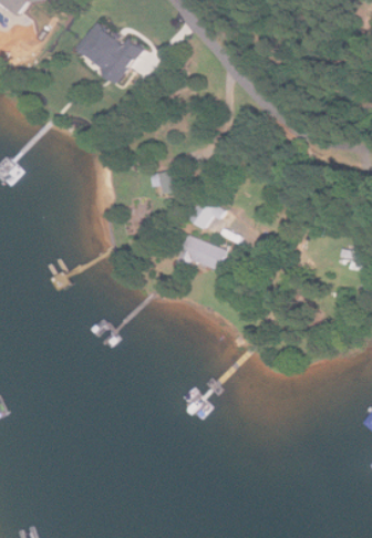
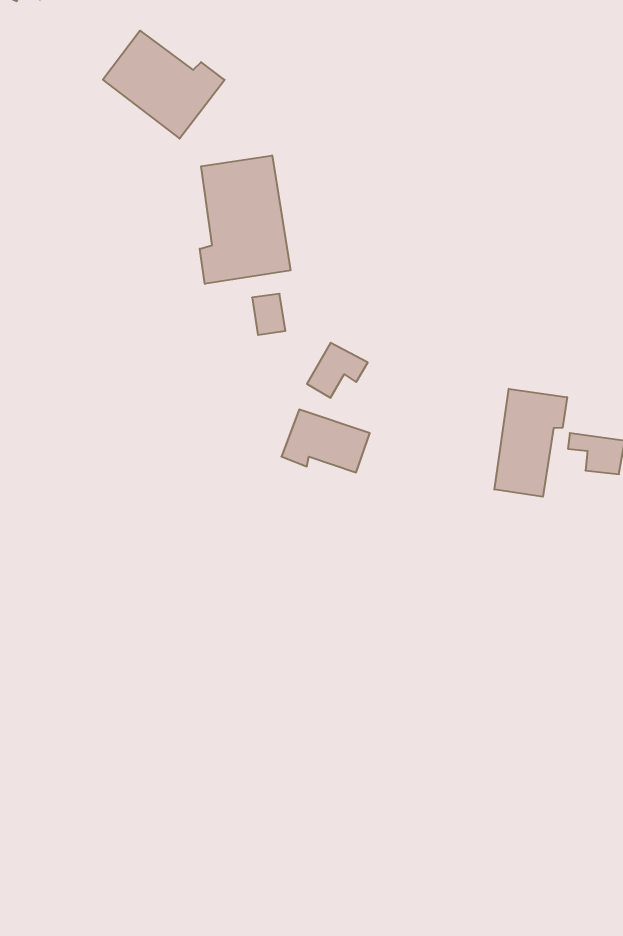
building: none -> [200,155,290,284]
building: none -> [494,389,567,497]

